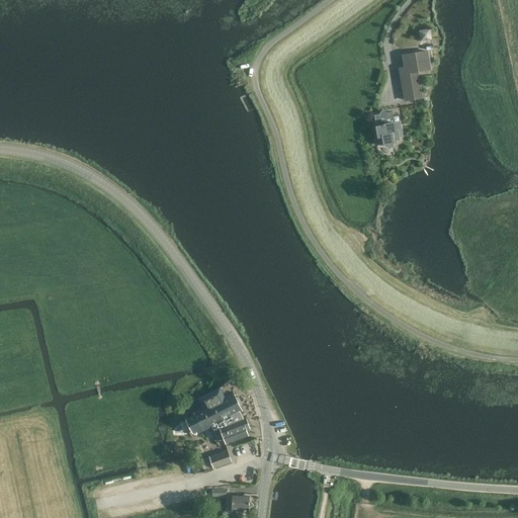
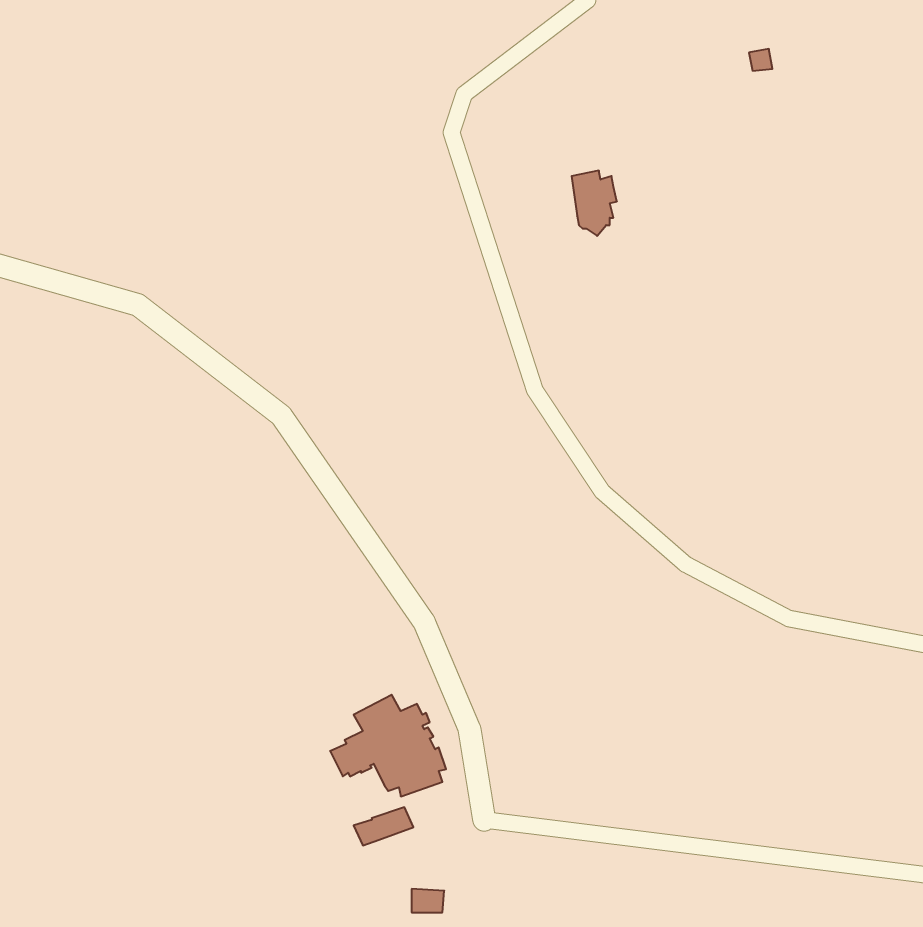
building: [399,52,428,99] -> none
building: [373,112,399,149] -> [572,171,617,236]

